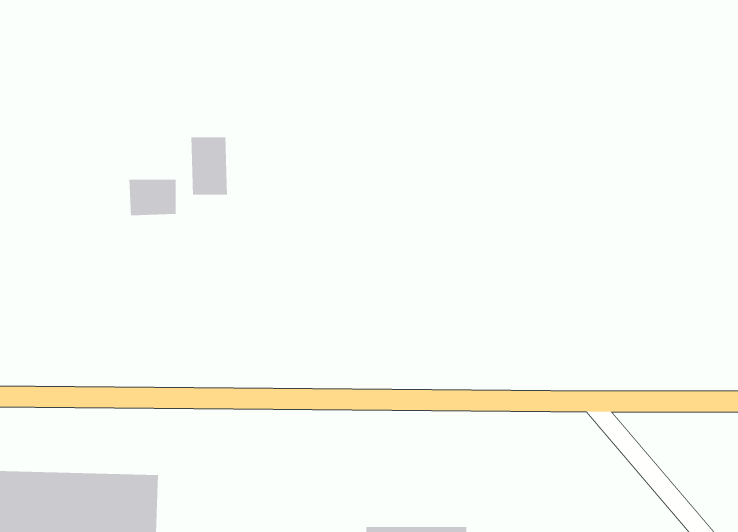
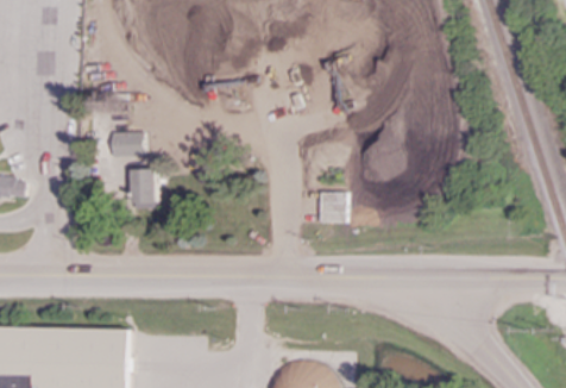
building: [190,137,228,195] -> [130,169,155,208]
building: none -> [319,192,344,221]

